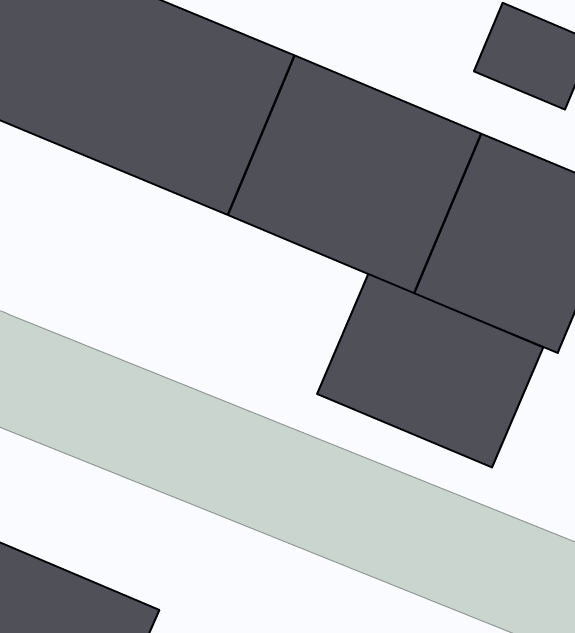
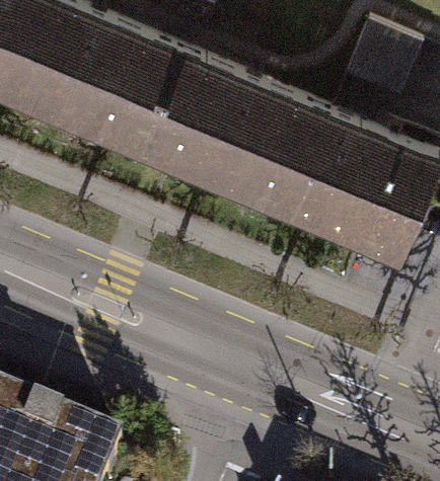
building: [317,274,543,468] -> none

